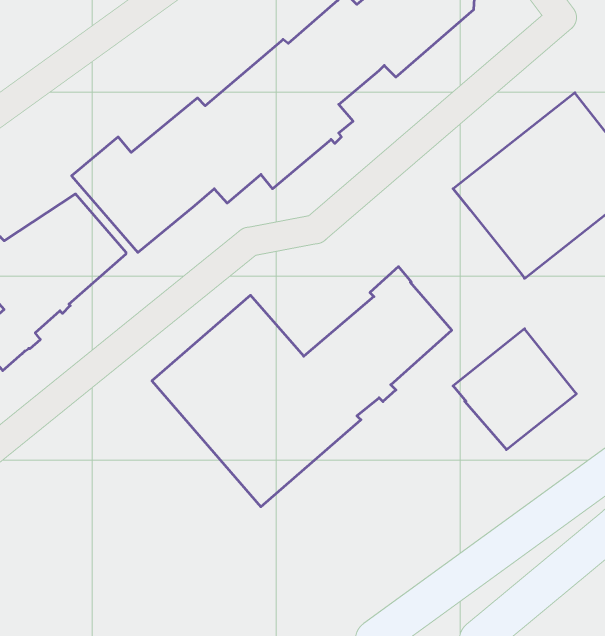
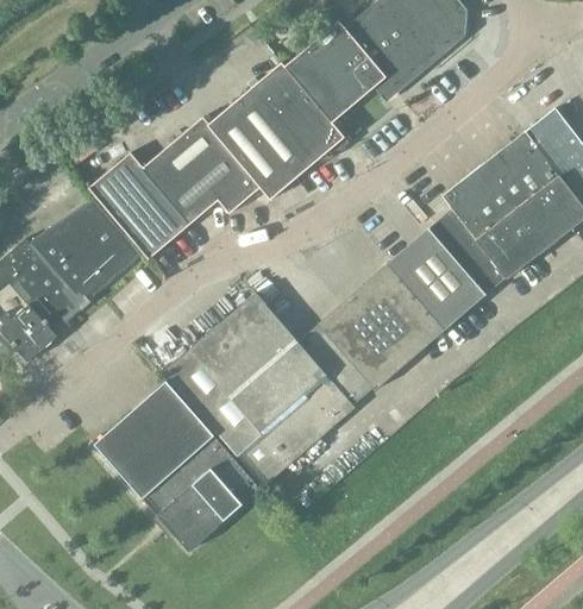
building: [453,329,576,450] -> [391,214,504,325]
building: none -> [96,382,262,552]

